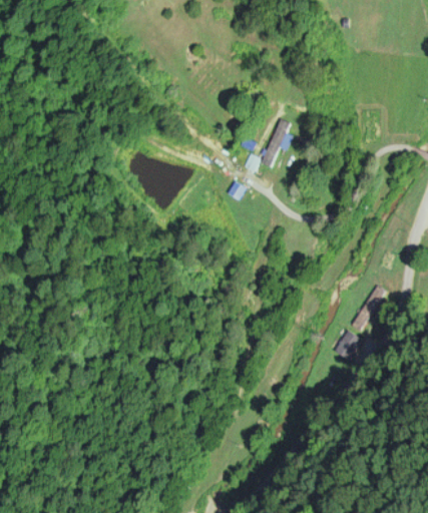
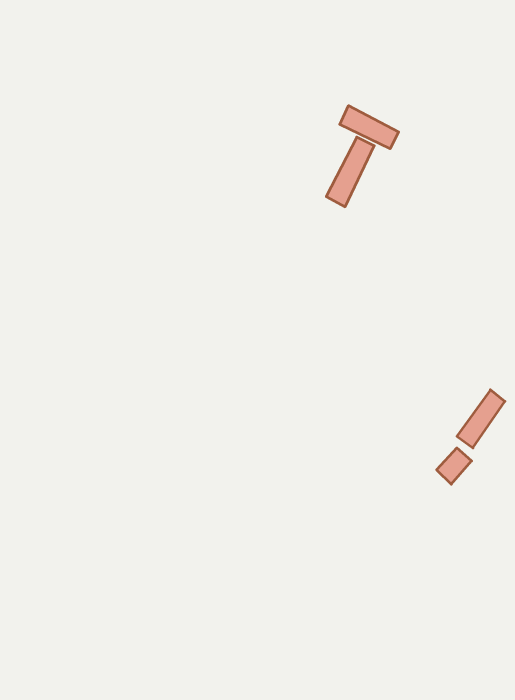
building: none -> [340,106,399,149]

